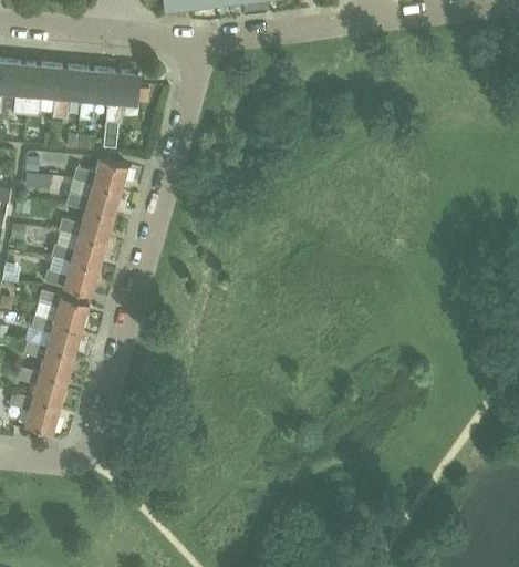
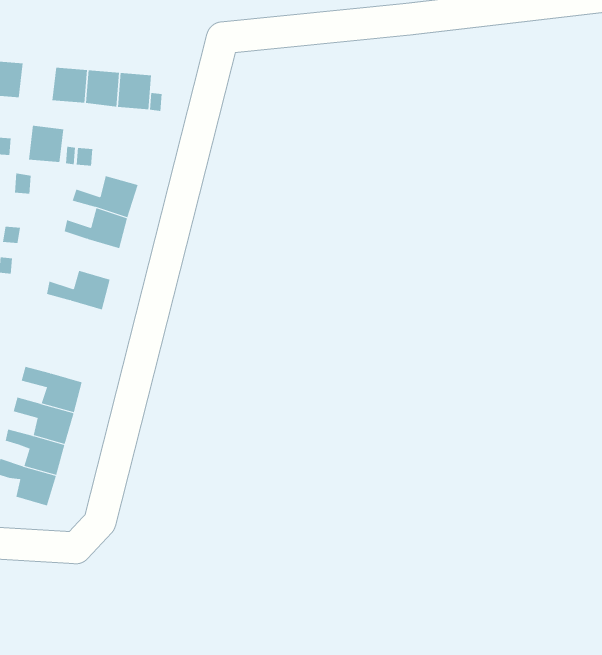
building: [29,66,59,97] -> [28,125,64,163]
building: [58,213,112,246] -> none
building: [43,264,97,297] -> none
building: [38,292,87,331] -> none

